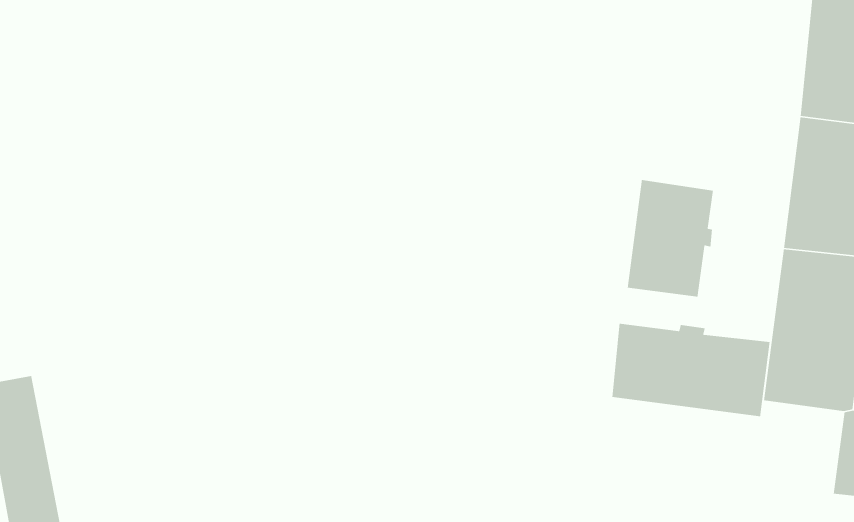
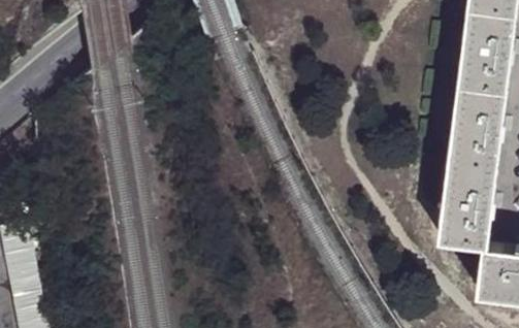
building: [627,179,714,298] -> none
building: [612,323,771,417] -> none

